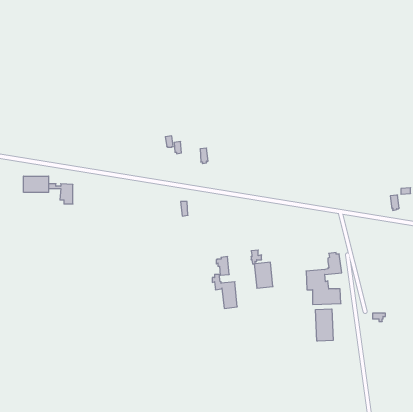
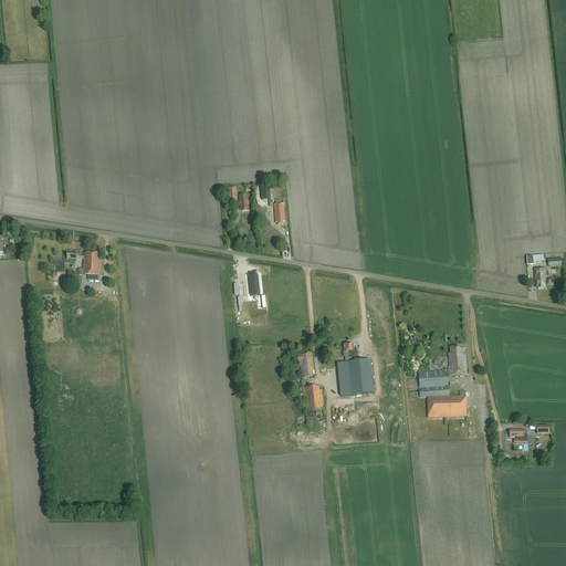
building: [24,176,49,192] -> none
building: [316,309,333,341] -> none

